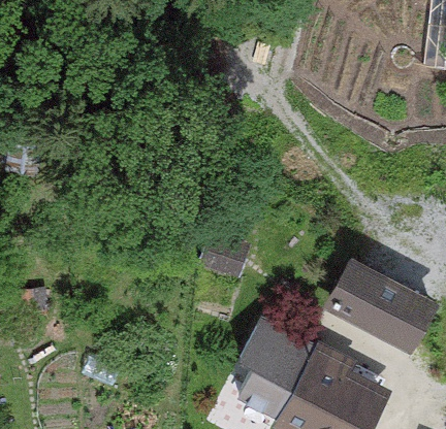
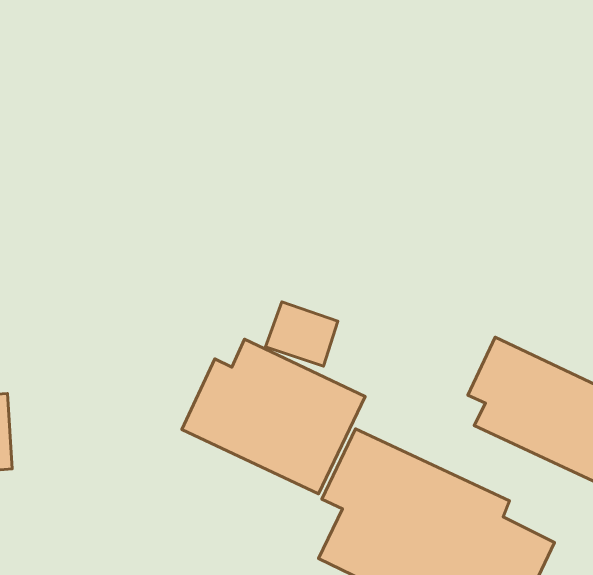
building: none -> [182,339,365,494]

